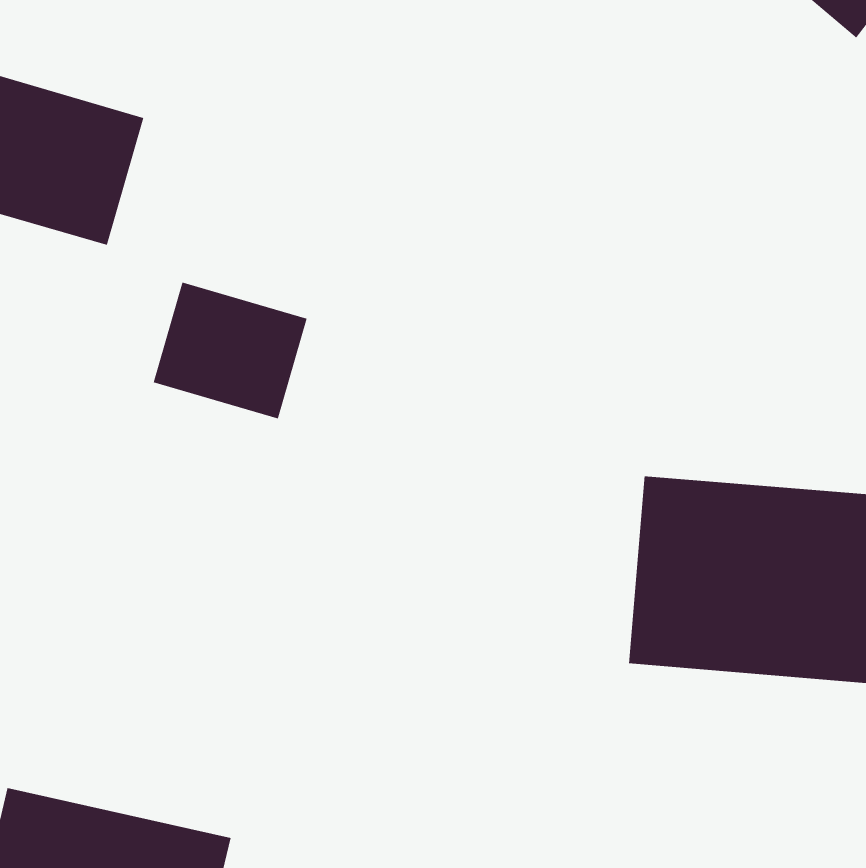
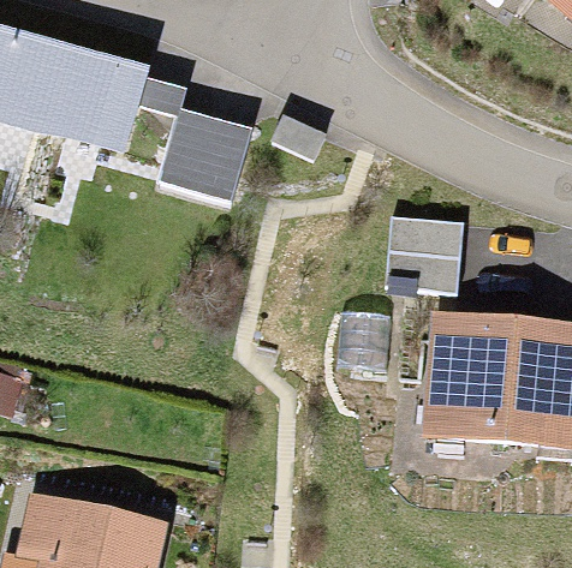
building: [153,282,308,419] -> [150,109,246,195]
building: none -> [370,210,461,287]

